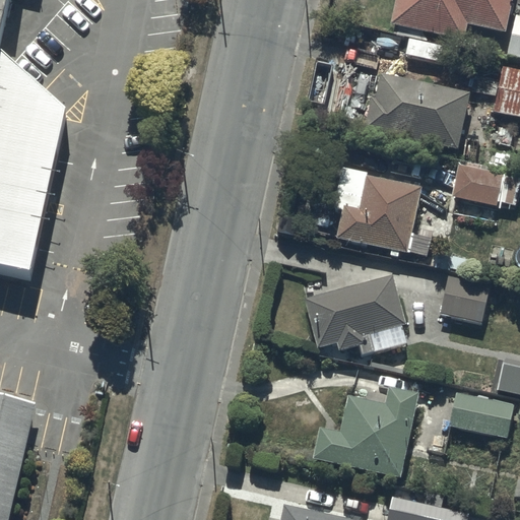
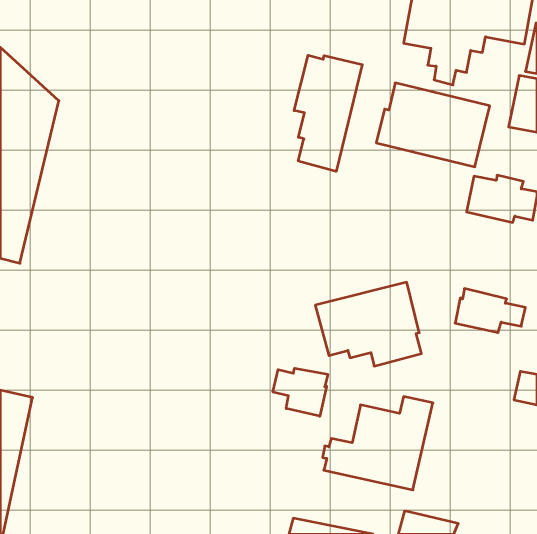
building: none -> [294,55,362,171]
building: [337,181,420,261] -> none
building: none -> [273,368,328,416]
building: [449,389,515,435] -> none

